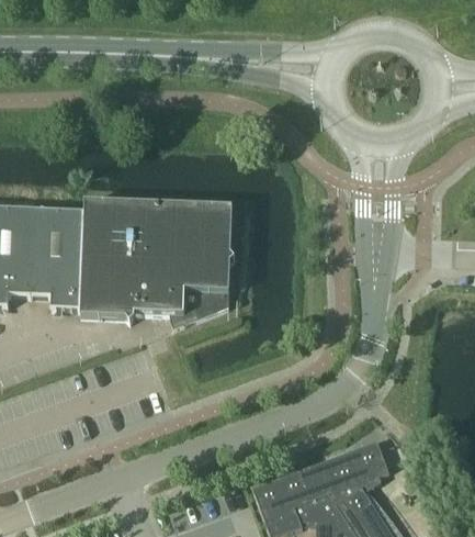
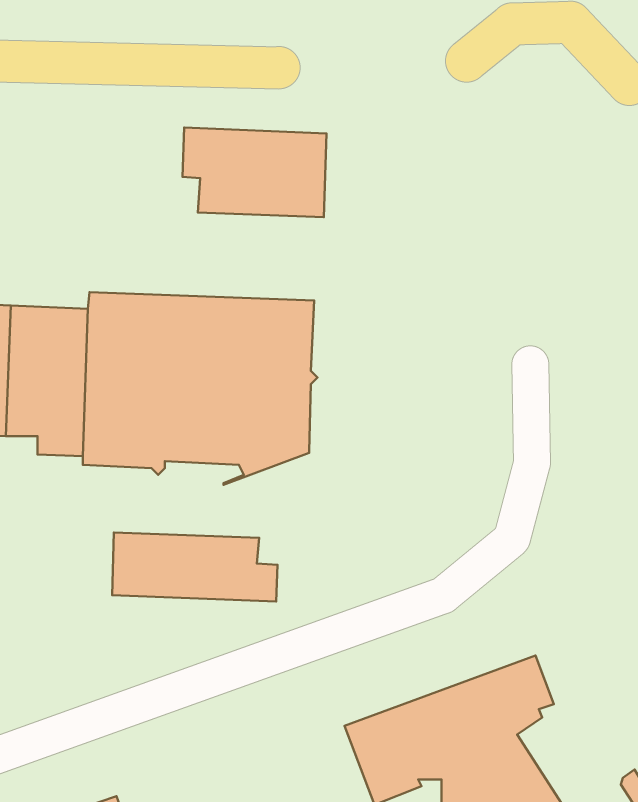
building: none -> [182,128,326,217]
building: none -> [112,532,277,602]

